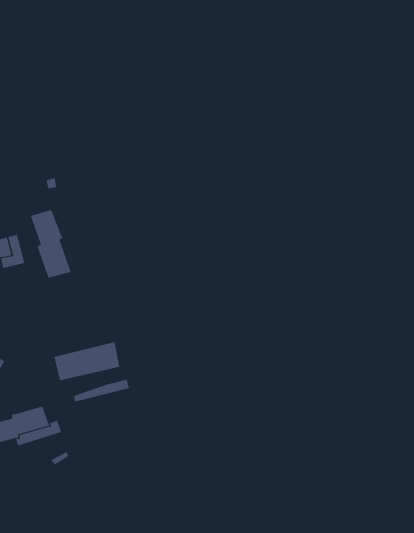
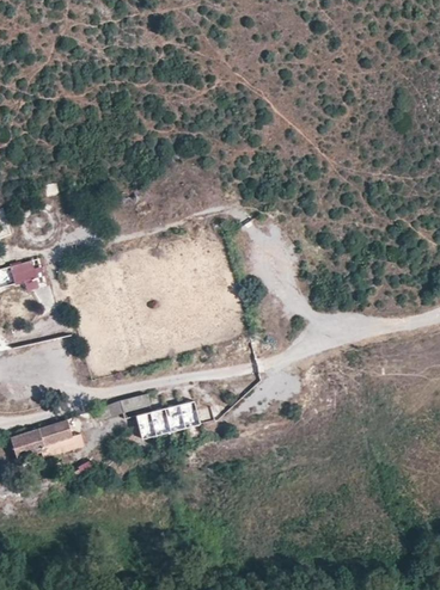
building: [30,209,72,279] -> none
building: [53,342,120,381] -> [135,401,198,438]

